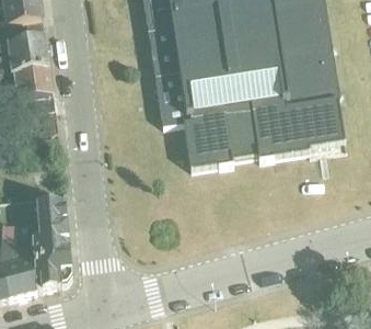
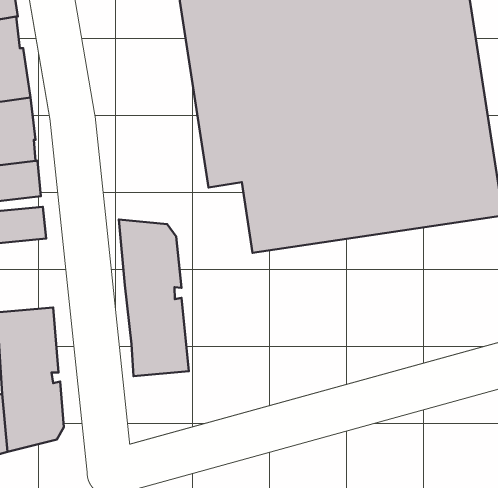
building: none -> [119,220,189,376]

